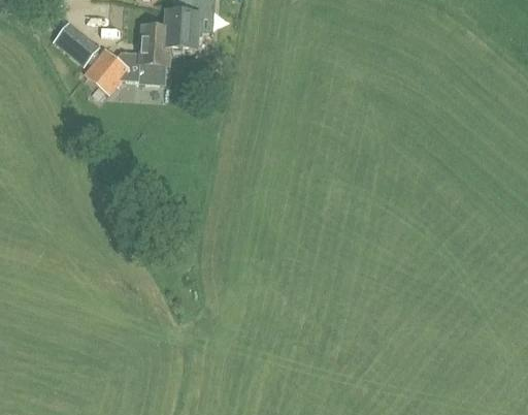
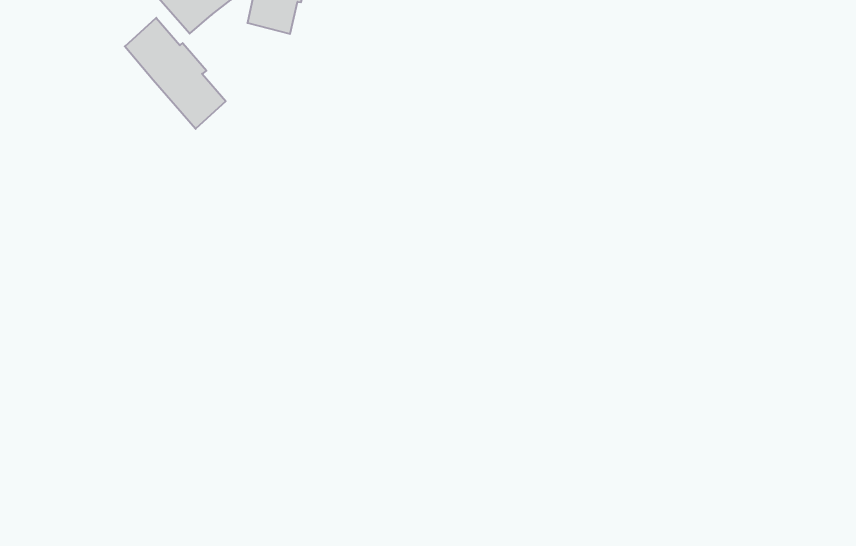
building: none -> [125,18,226,129]

